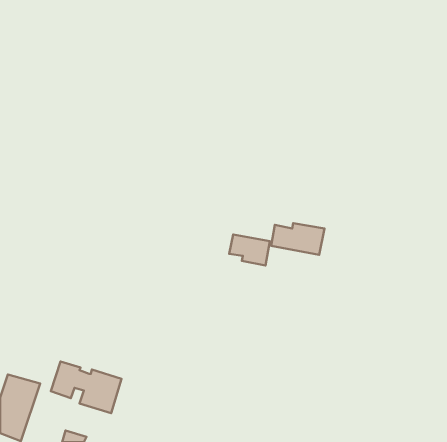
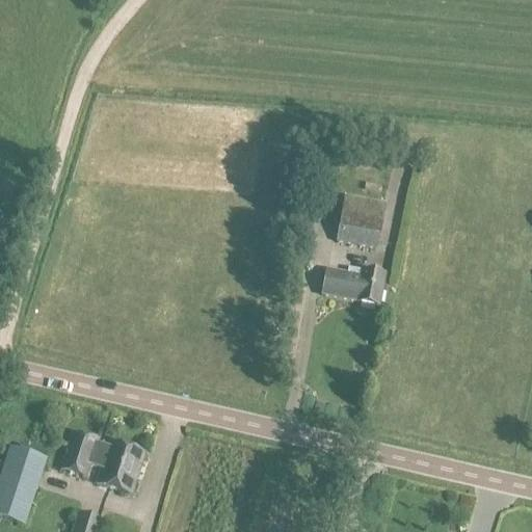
building: none -> [336,192,387,247]
building: [229,234,270,266] -> none

